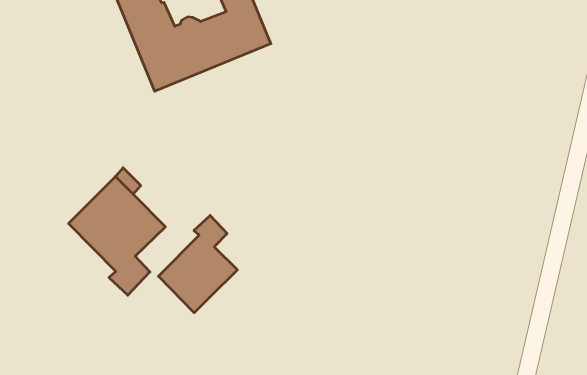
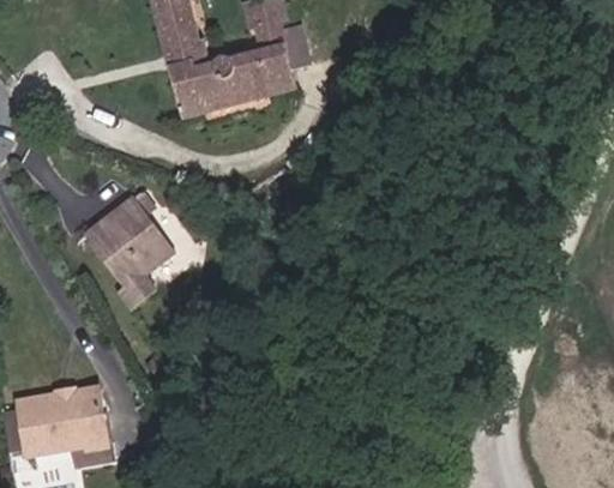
building: [158,215,237,313] -> none

